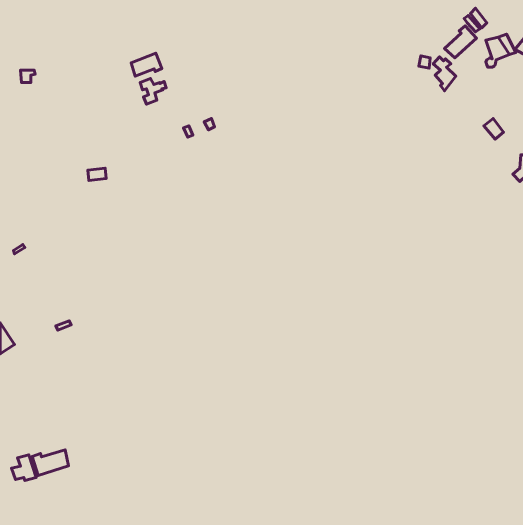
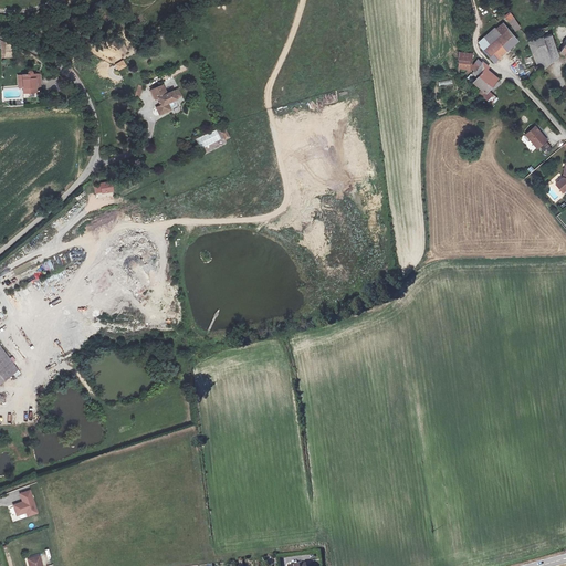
building: [131,53,162,76] -> none
building: [32,450,69,475] -> none

